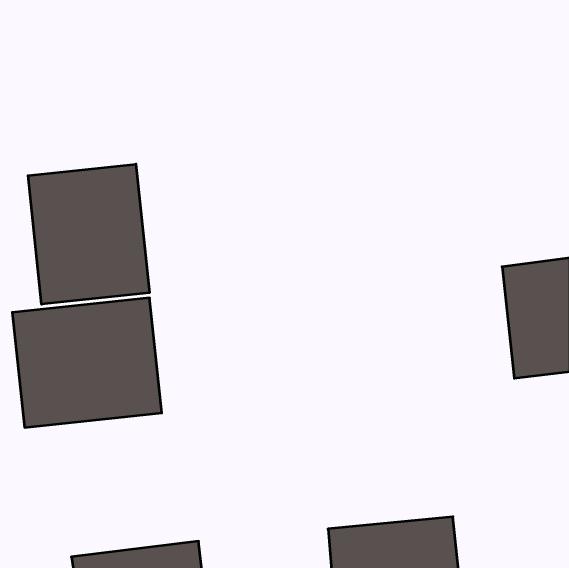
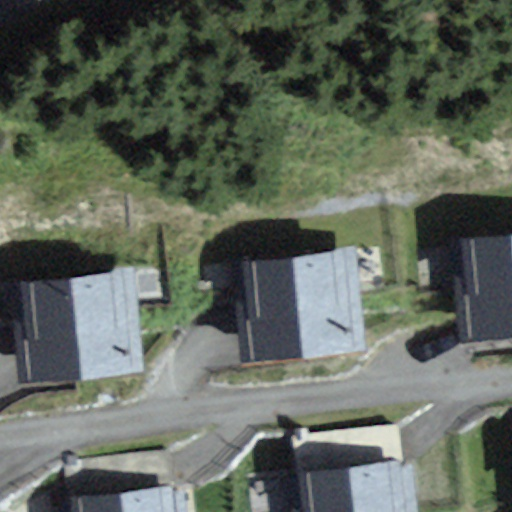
building: [28,164,149,304] -> none
building: none -> [233,249,368,362]

